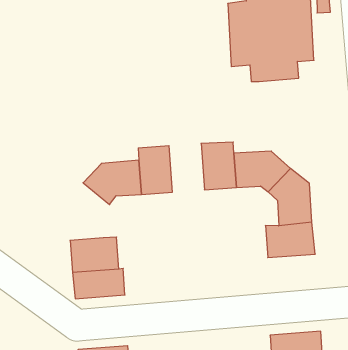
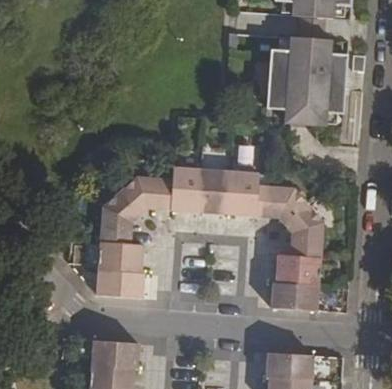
building: none -> [198,170,230,214]
building: none -> [100,192,140,244]
building: none -> [271,283,318,310]

